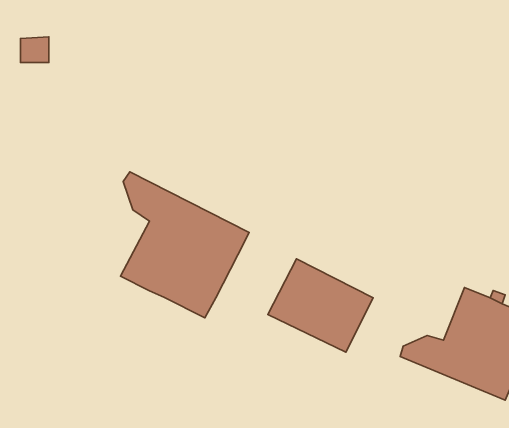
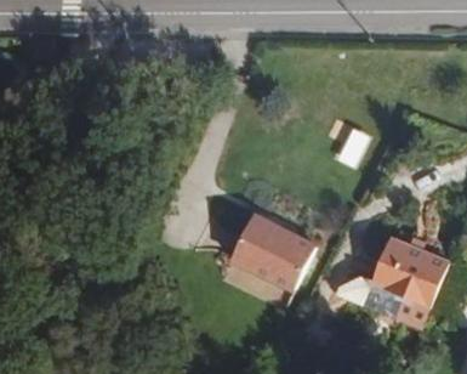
building: [121,172,249,318] -> none

